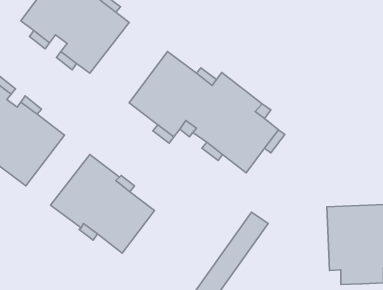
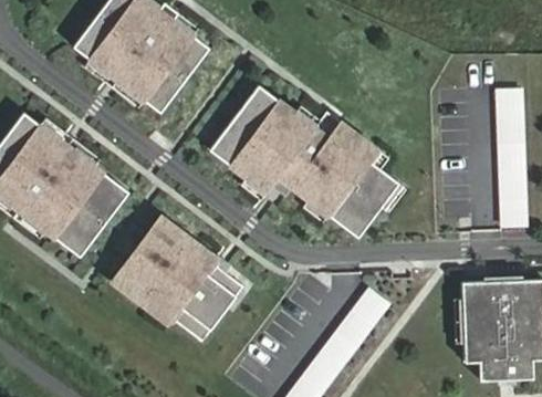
building: none -> [494,87,525,228]

